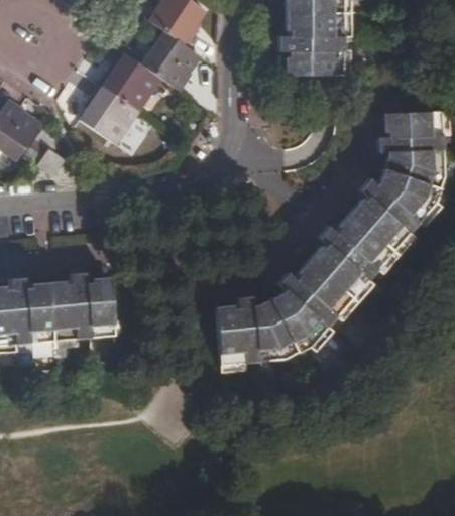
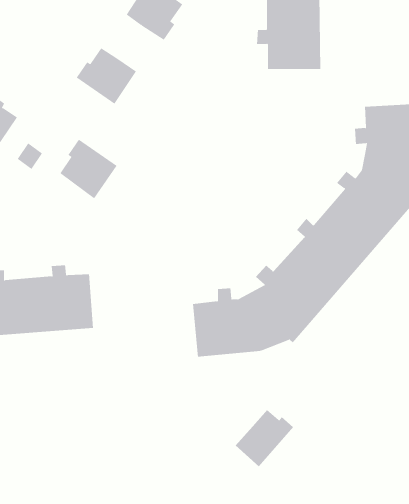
building: [139,31,199,92] -> none
building: [78,84,136,144] -> [60,139,118,199]
building: none -> [235,409,294,467]

